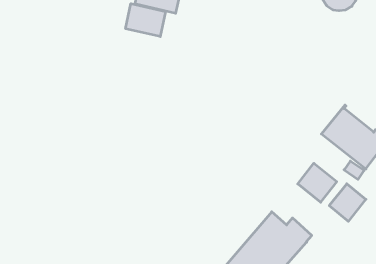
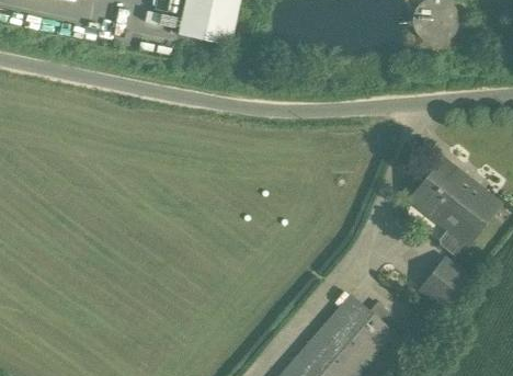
building: [126,4,166,37] -> none
building: [298,163,337,202] -> none

